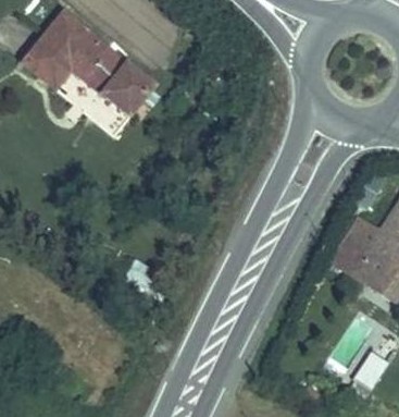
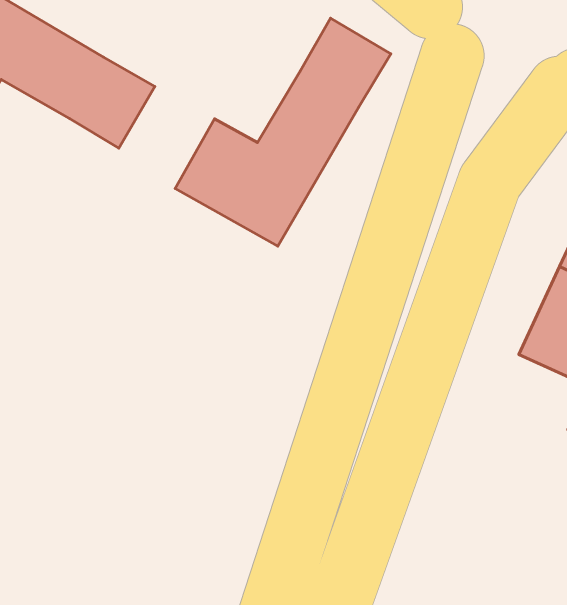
building: none -> [175,18,391,246]

